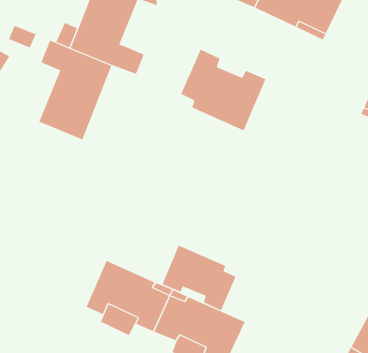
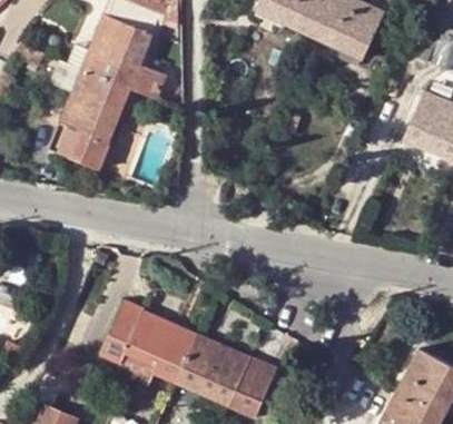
building: [180,49,266,131] -> none
building: [162,245,236,311] -> none

